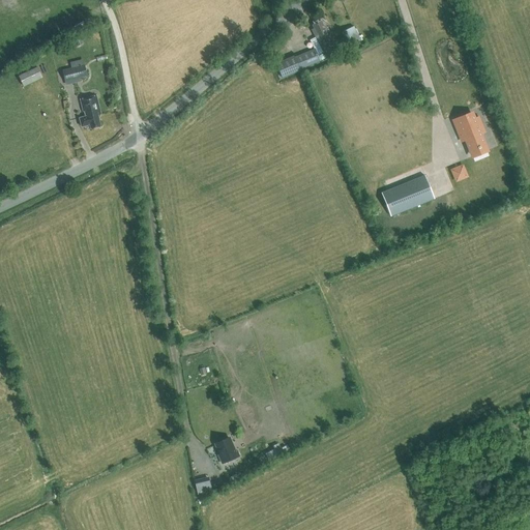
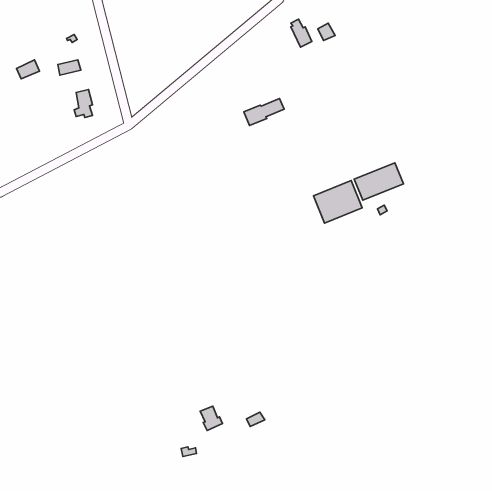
building: [275,49,319,78] -> [244,98,284,125]
building: [455,113,484,150] -> none
building: none -> [313,180,362,223]

